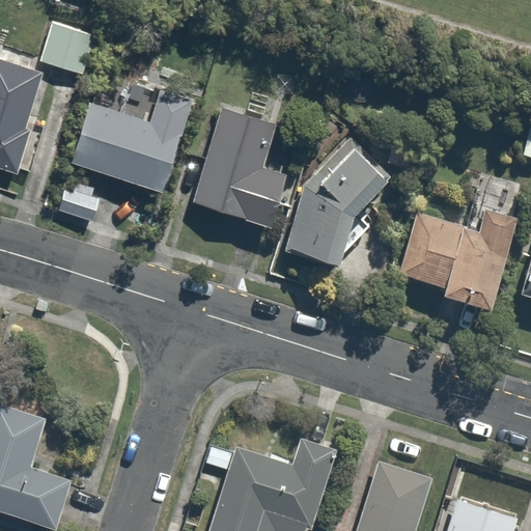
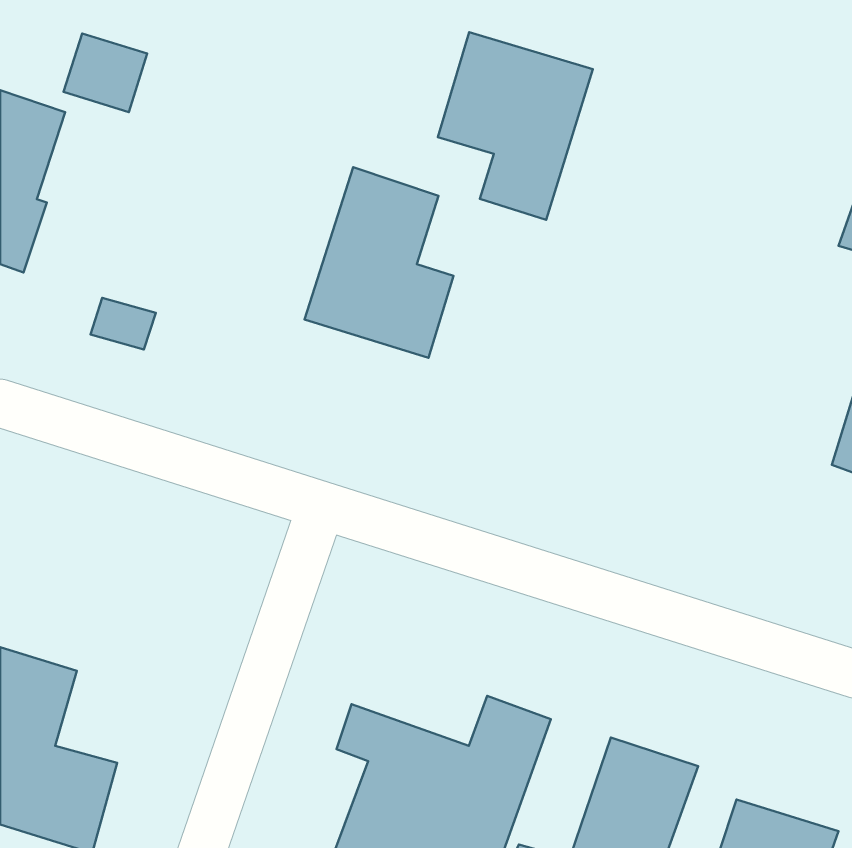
building: none -> [438,32,593,220]
building: [71,88,190,190] -> none
building: [282,139,388,267] -> none
building: [396,209,513,307] -> none

